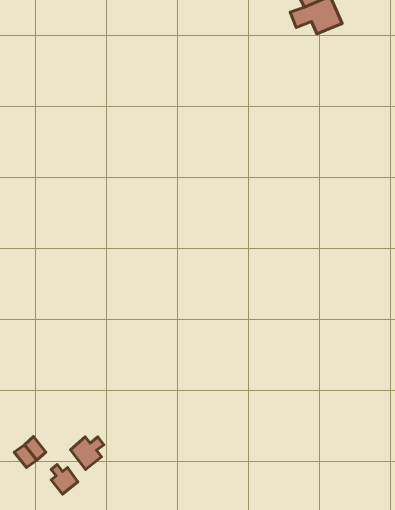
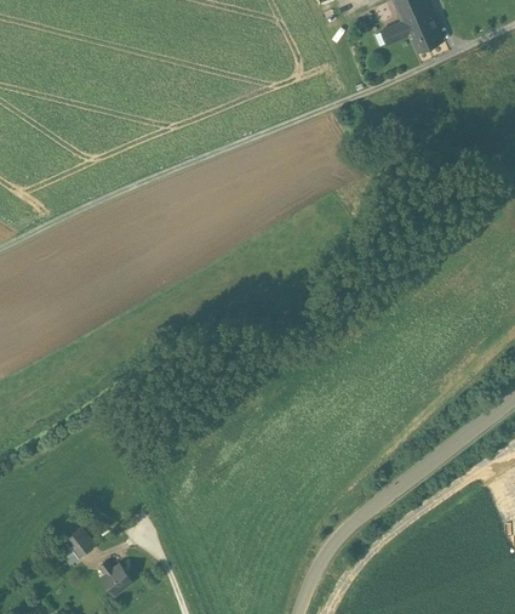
building: [70,437,104,469] -> none

